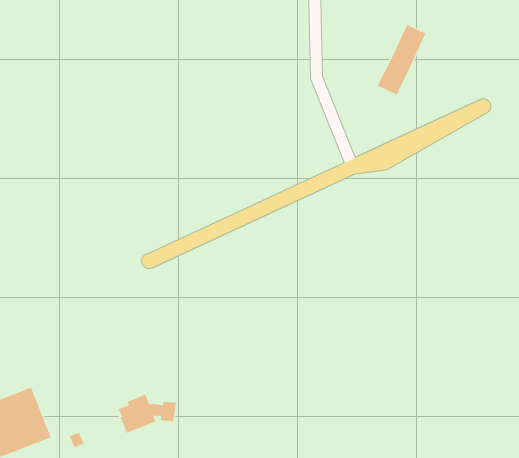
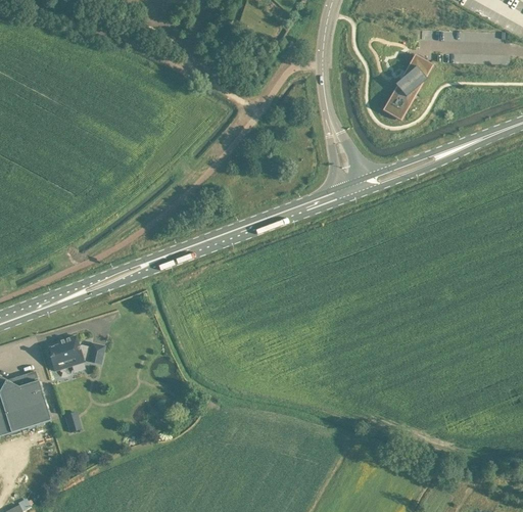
building: [118,394,177,433] -> [48,334,104,370]

